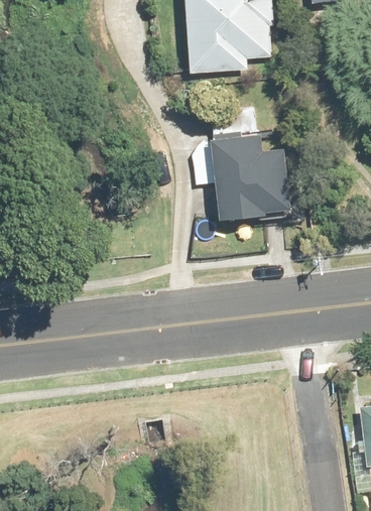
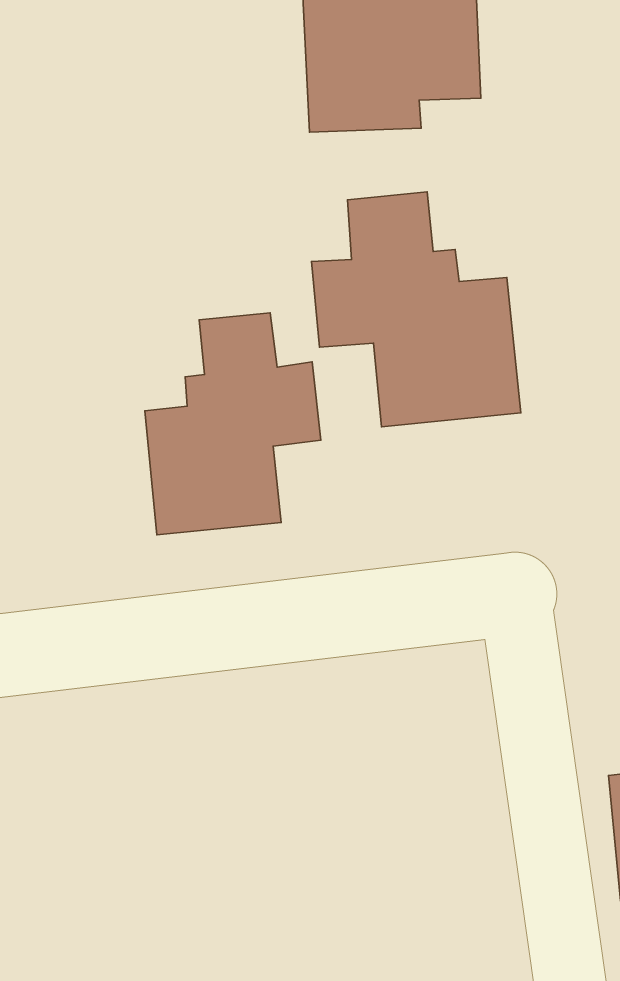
building: none -> [145,313,321,535]

